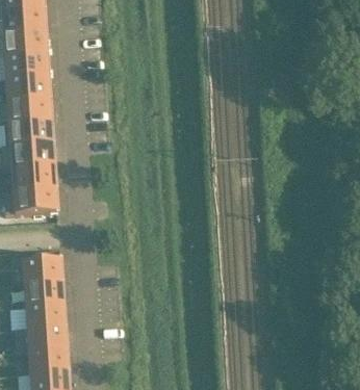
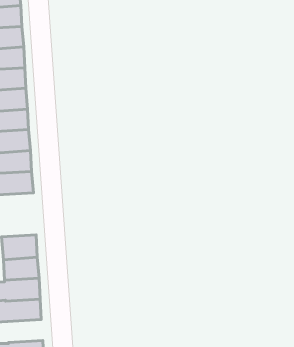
building: [29,348,68,373] -> none

